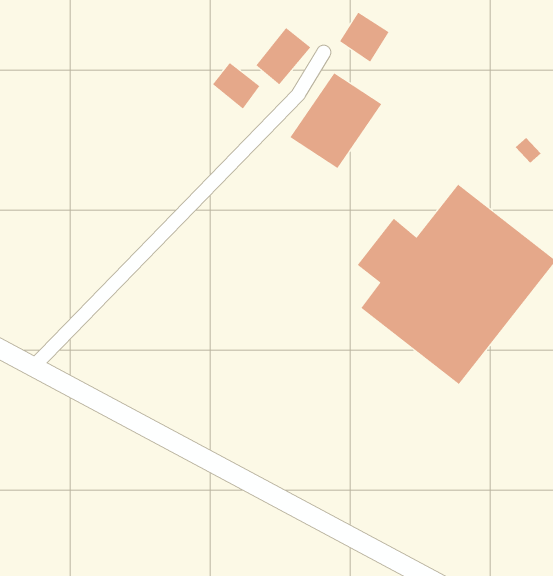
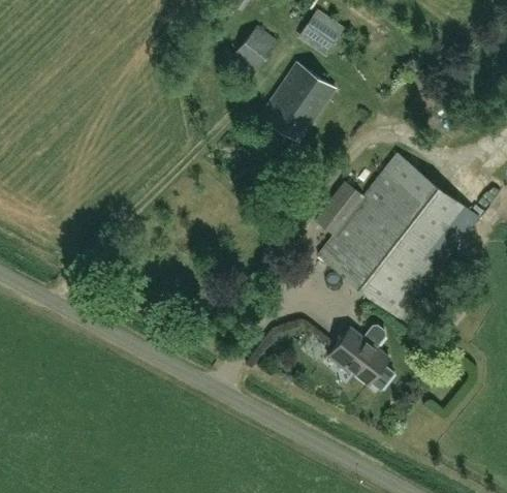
building: [212,62,260,109] -> none
building: none -> [326,325,391,389]

